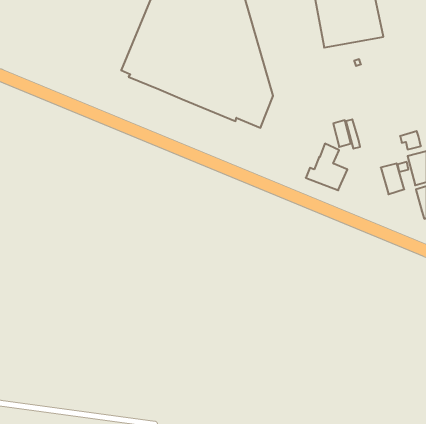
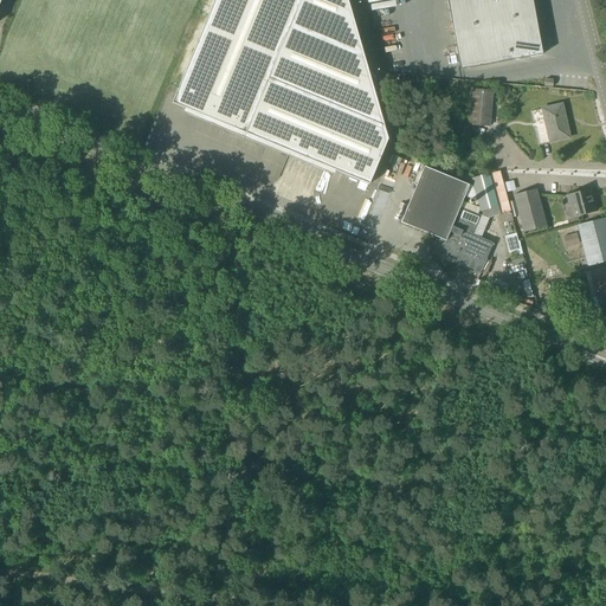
building: none -> [473,88,496,124]
building: none -> [543,101,570,140]
building: none -> [402,163,470,240]
building: [381,163,404,194] -> [515,186,548,230]

